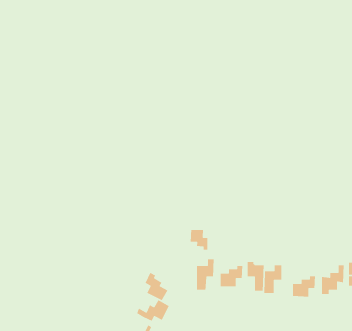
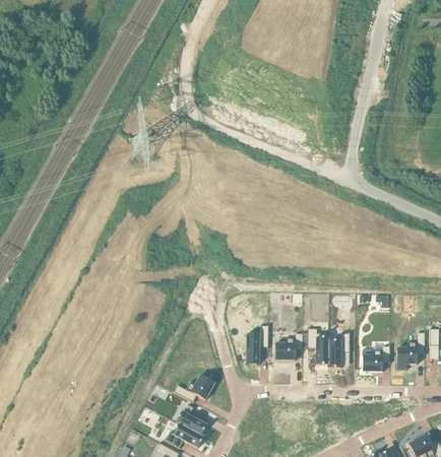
building: [190,229,208,251] -> none
building: [144,272,168,301] -> none

